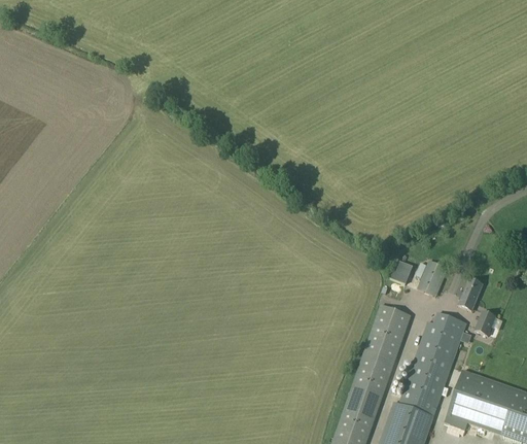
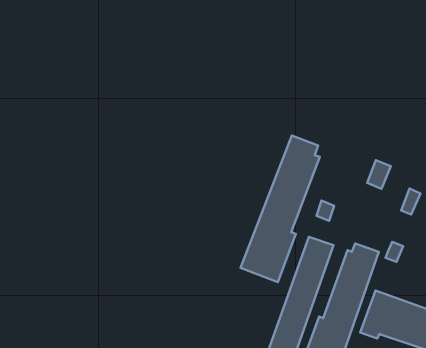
building: none -> [241,136,320,282]
building: [419,260,448,295] -> [367,160,391,189]
building: [460,277,484,309] -> [401,188,421,215]

